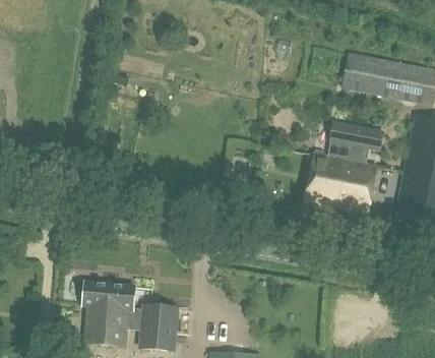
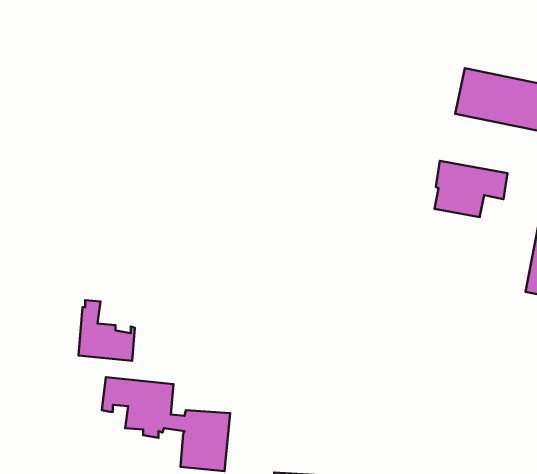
building: [306,155,376,211] -> none
building: [85,301,127,346] -> [78,300,135,361]

